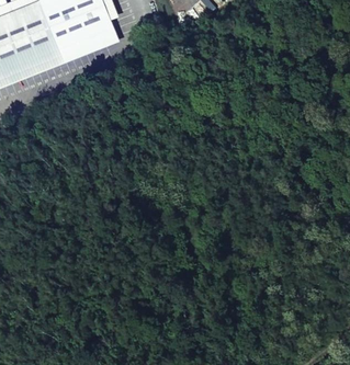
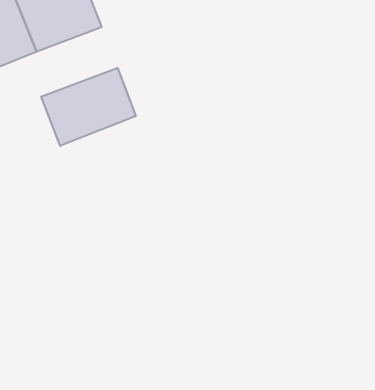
building: none -> [41,68,136,146]

